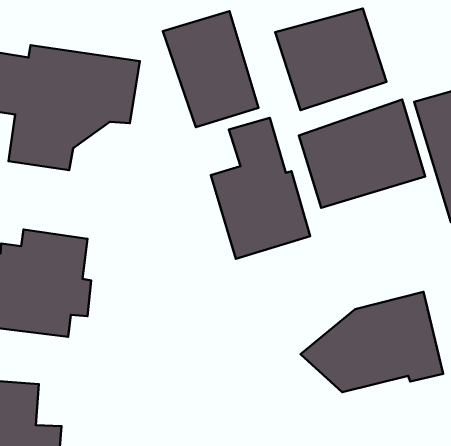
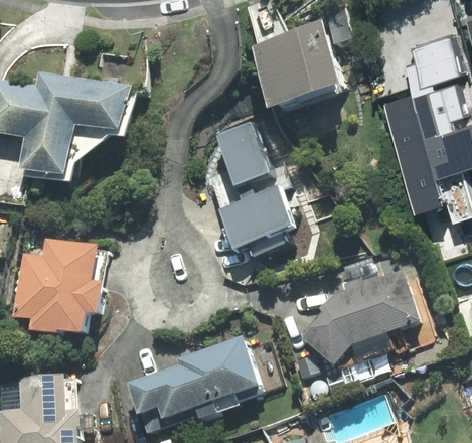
building: [163,11,258,127] -> none
building: [299,100,425,208] -> none
building: none -> [124,336,272,420]

